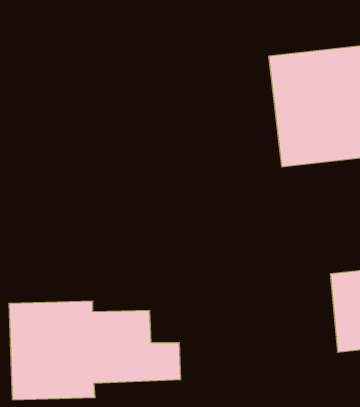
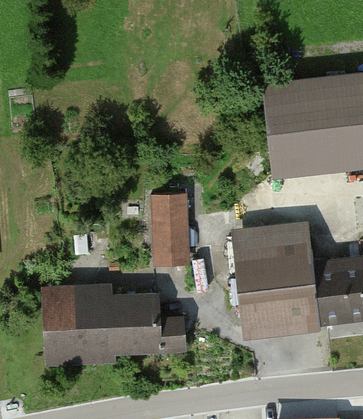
building: none -> [151,192,191,269]
building: none -> [232,225,319,339]

